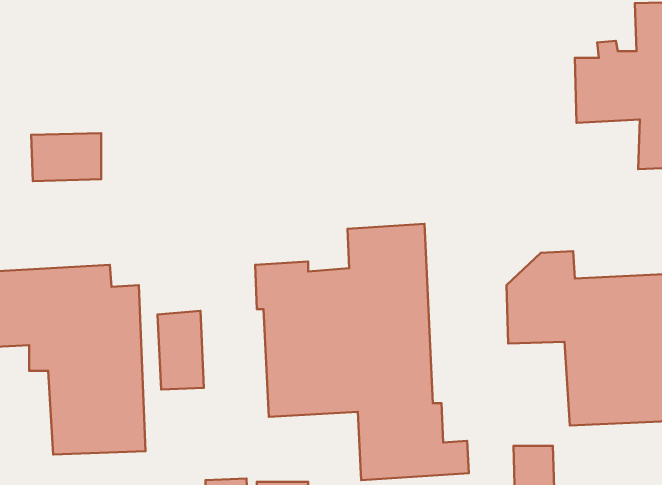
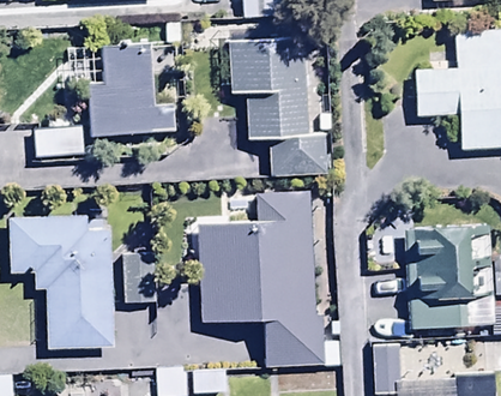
building: none -> [89,42,177,136]
building: none -> [229,42,326,179]

